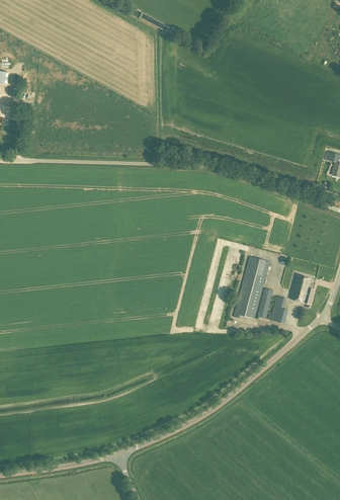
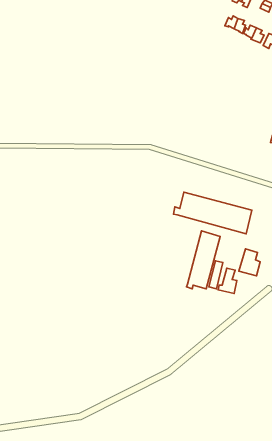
building: none -> [173,192,252,234]

